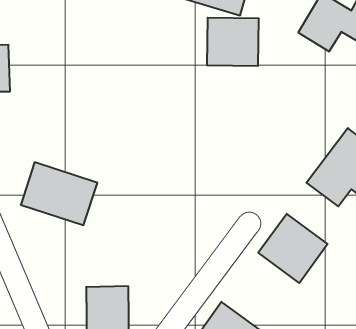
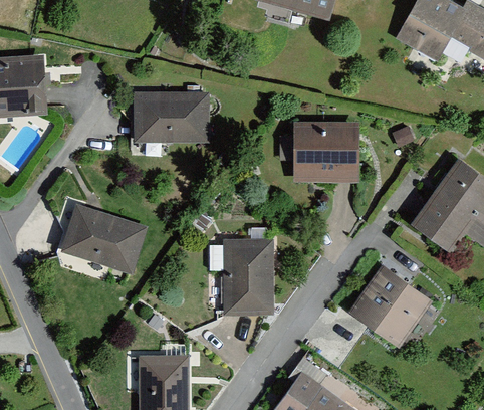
building: [207,18,259,66] -> [292,121,356,180]
building: none -> [131,87,209,143]
building: none -> [223,237,273,316]

